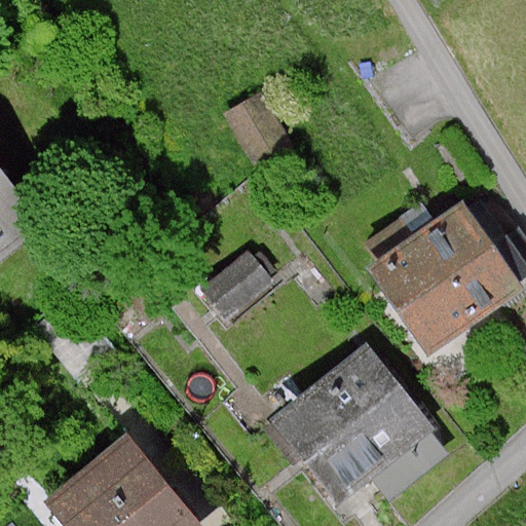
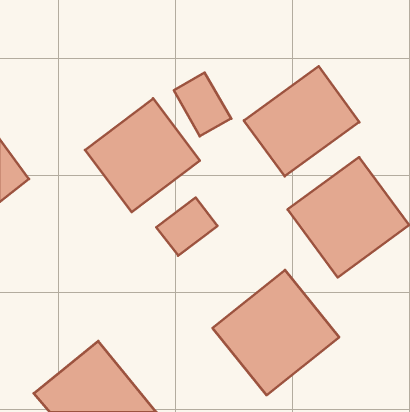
building: none -> [244,66,359,176]
building: none -> [85,98,200,212]

